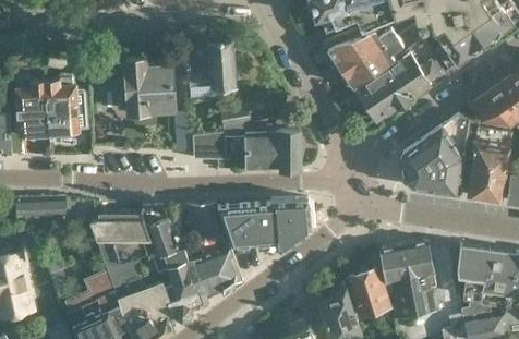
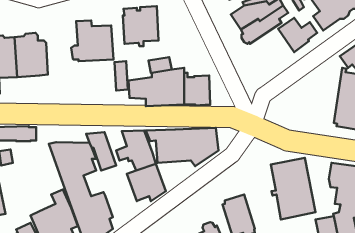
building: [349,70,411,125] -> none
building: [399,116,473,195] -> none
building: [152,246,207,322] -> none
building: [347,268,387,315] -> none

